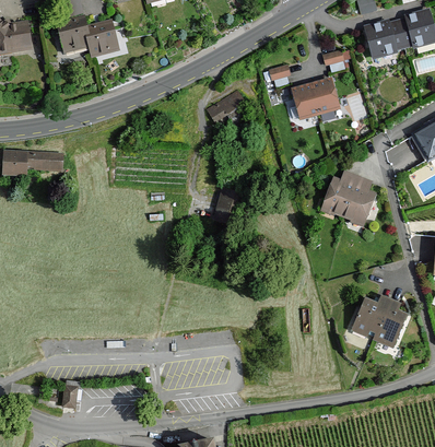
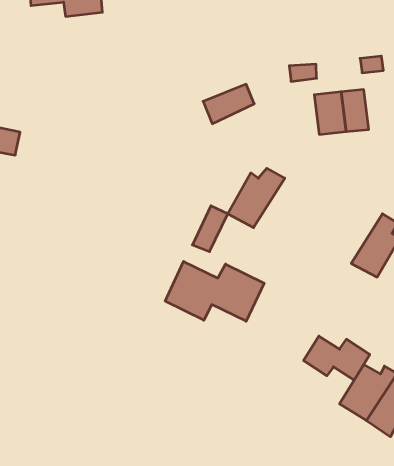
building: [319,168,360,216] -> [228,168,285,228]
building: none -> [165,261,264,321]
building: none -> [304,336,370,380]

